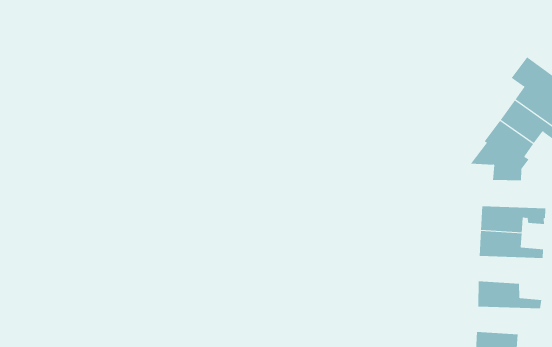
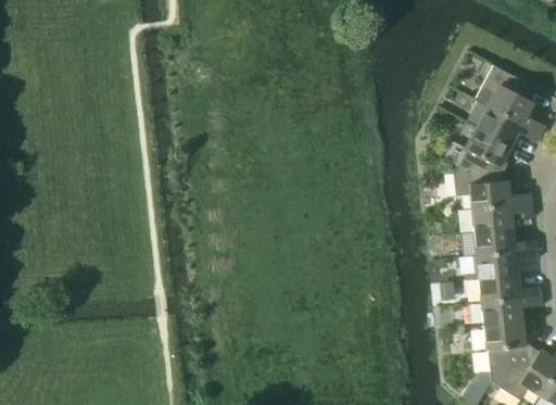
building: none -> [453,169,531,208]
building: none -> [476,249,536,278]
building: none -> [481,295,541,325]

